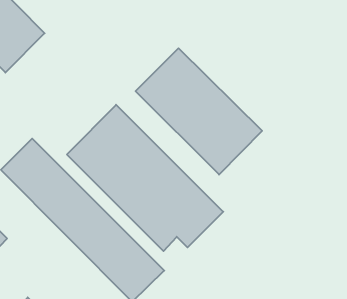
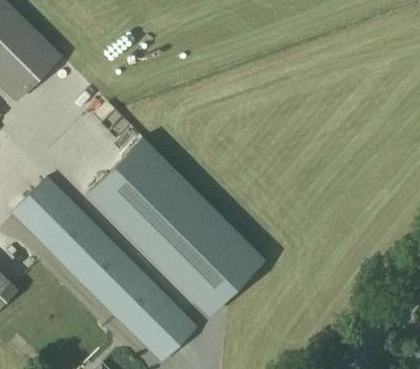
building: [136,48,262,175] -> none

